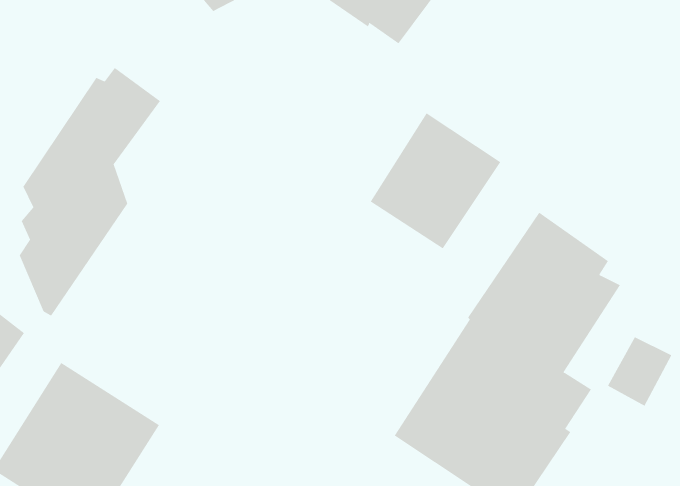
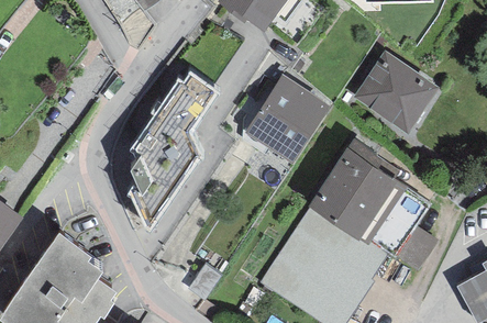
building: [19,67,161,317] -> [128,71,219,232]
building: none -> [352,49,439,133]

